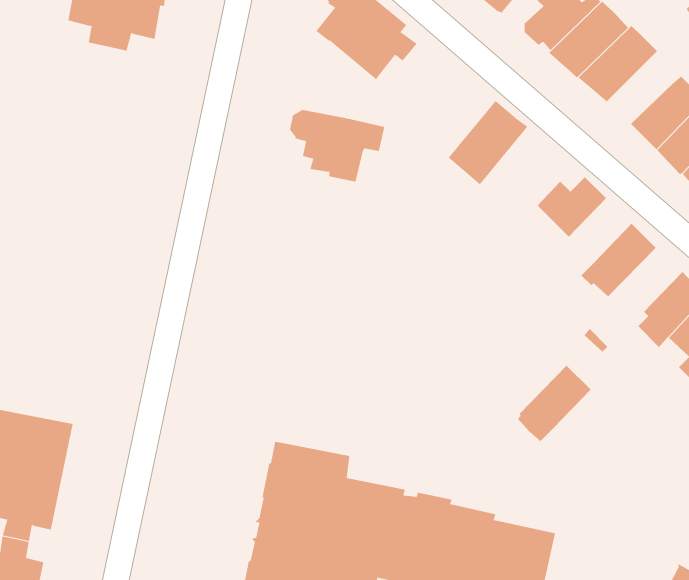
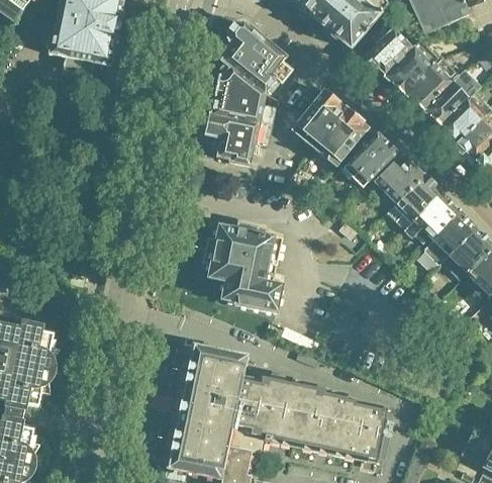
building: none -> [213,67,274,126]
building: none -> [424,70,471,124]
building: none -> [291,89,348,148]
building: none -> [346,133,398,186]
building: none -> [398,175,442,220]
building: none -> [204,219,284,313]
building: [517,365,591,442] -> [424,210,476,264]

